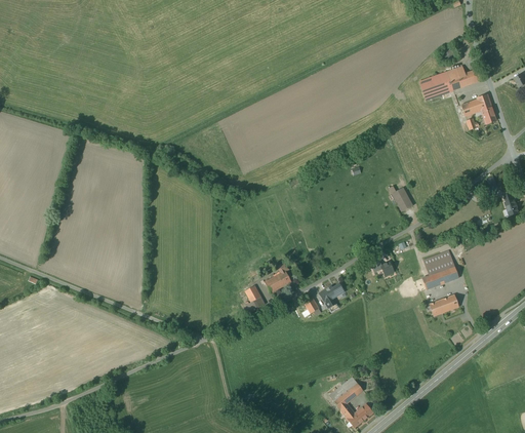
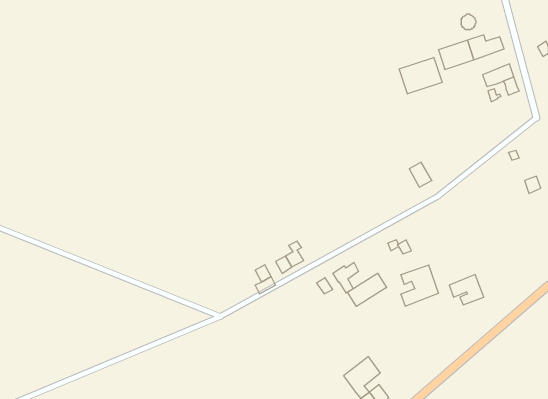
building: none -> [399,57,442,94]
building: [421,250,457,289] -> [401,265,439,306]
building: none -> [348,273,387,306]

